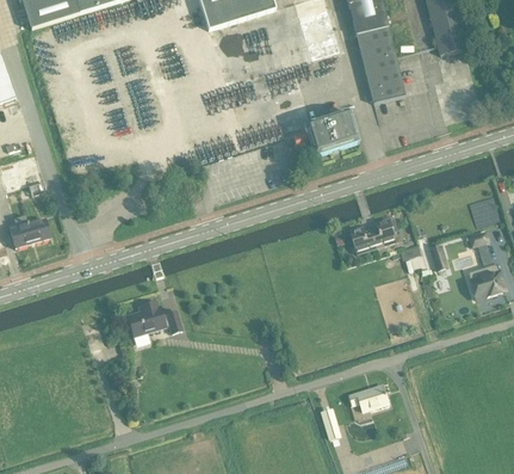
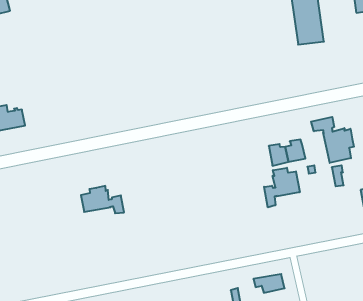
building: [292,110,359,156] -> none
building: none -> [311,117,354,163]
building: none -> [264,168,300,207]

